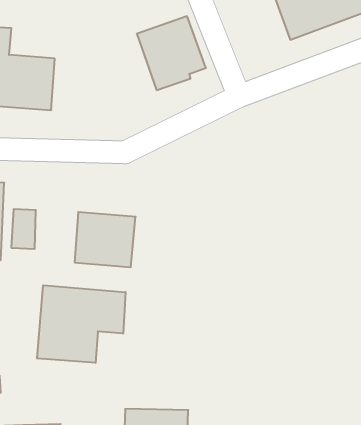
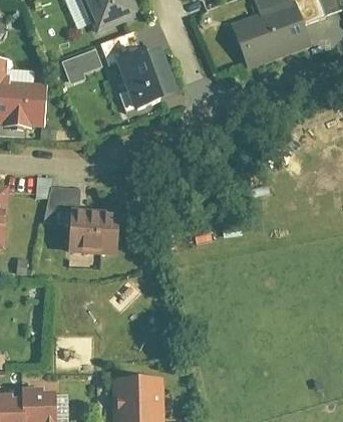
building: none -> [63,45,105,81]
building: [11,209,36,249] -> [46,187,67,221]
building: [37,285,126,363] -> none

